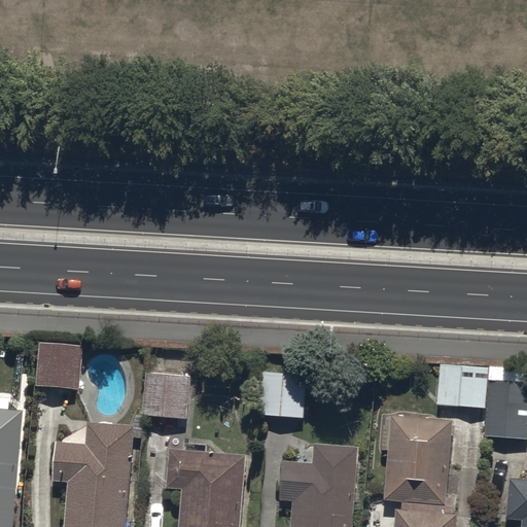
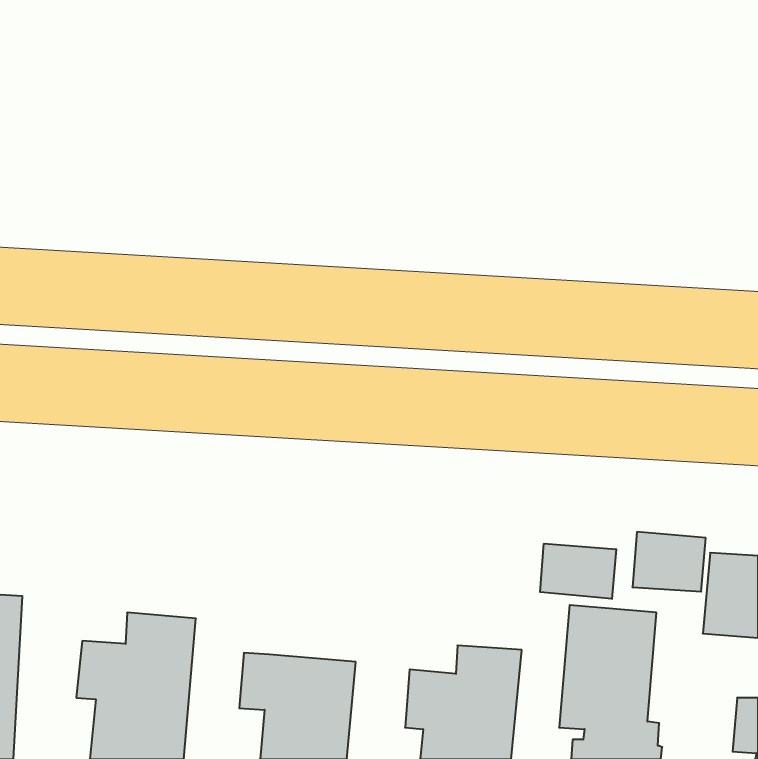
building: [31,345,77,390] -> none
building: [256,370,306,418] -> none
building: [142,373,188,418] -> none
building: none -> [540,544,616,599]

